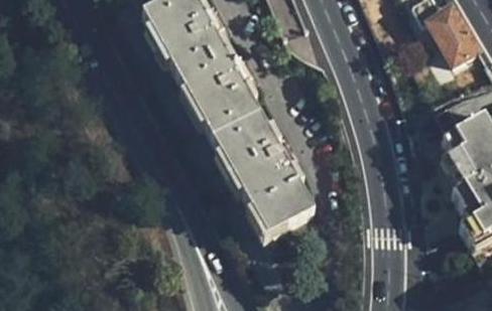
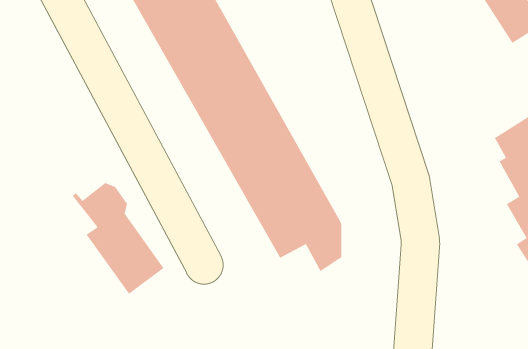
building: none -> [72,182,165,295]

